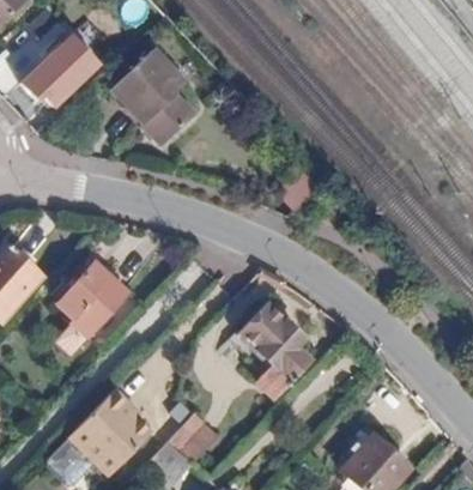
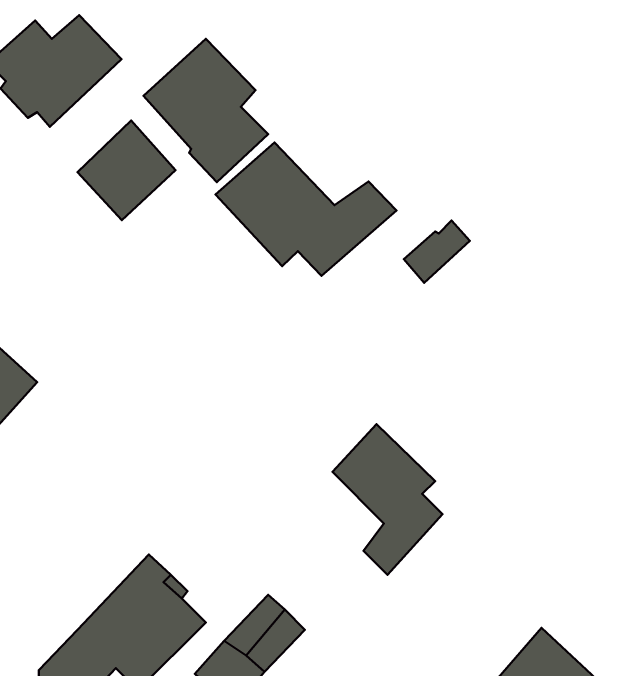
building: none -> [78,120,176,220]
building: none -> [215,142,396,276]
building: [59,260,132,333] -> none

